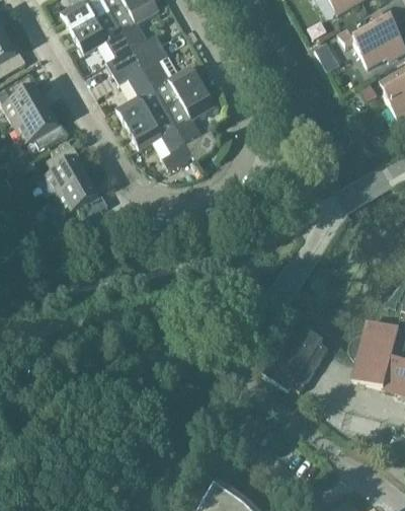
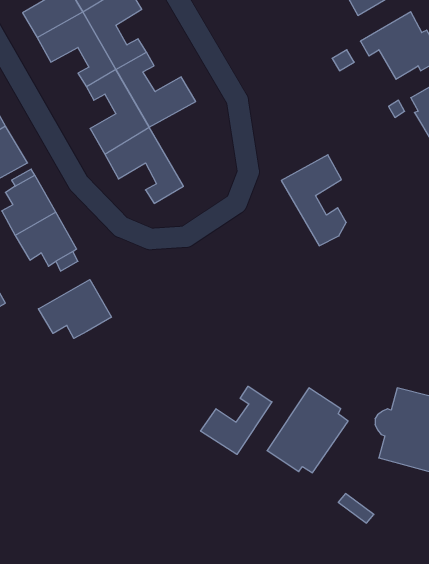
building: [165,85,219,160] -> [281,155,346,246]
building: none -> [38,280,111,338]
building: none -> [201,386,272,454]

